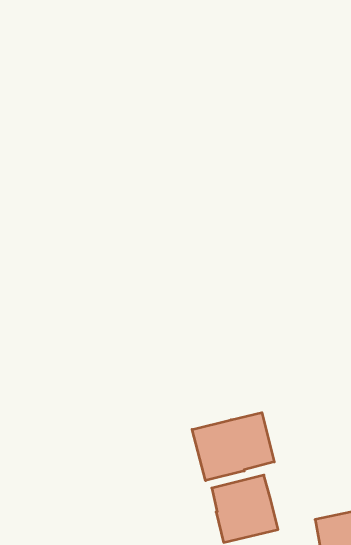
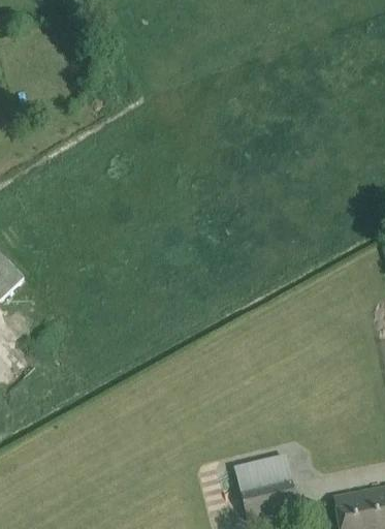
building: [192,413,274,481] -> none

